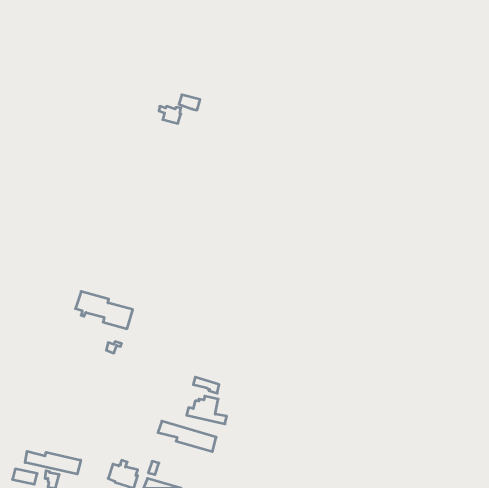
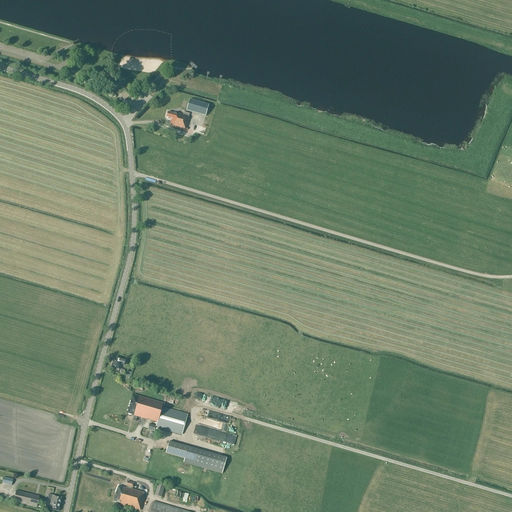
building: [75,291,133,329] -> [127,394,187,433]
building: [25,451,81,474] -> none

